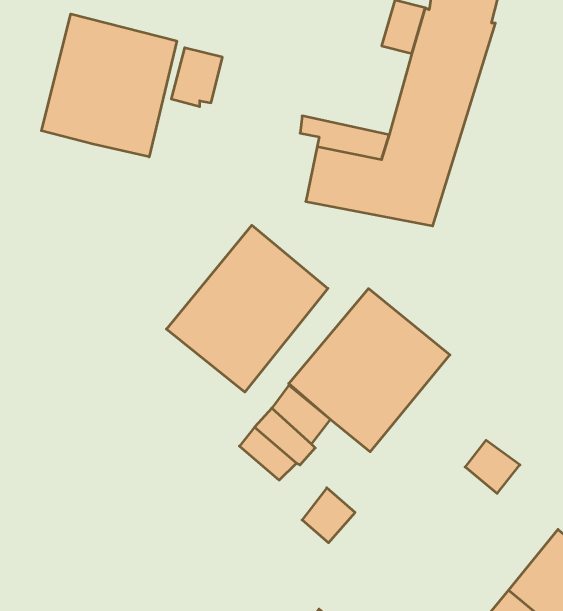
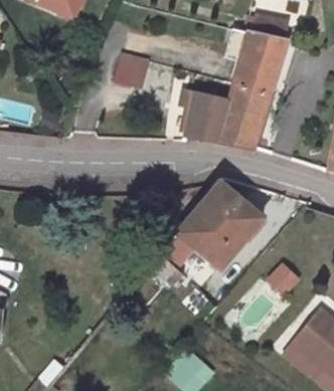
building: [41,14,177,157] -> none
building: [166,225,328,392] -> none

